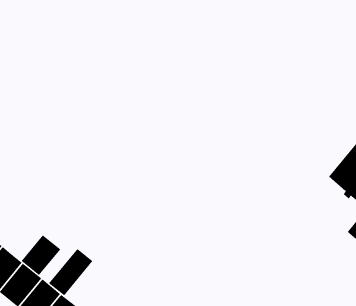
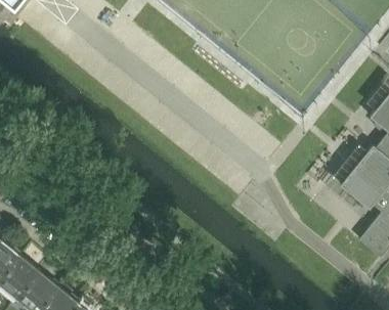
building: [21,234,61,276] -> none
building: [48,248,93,296] -> none

